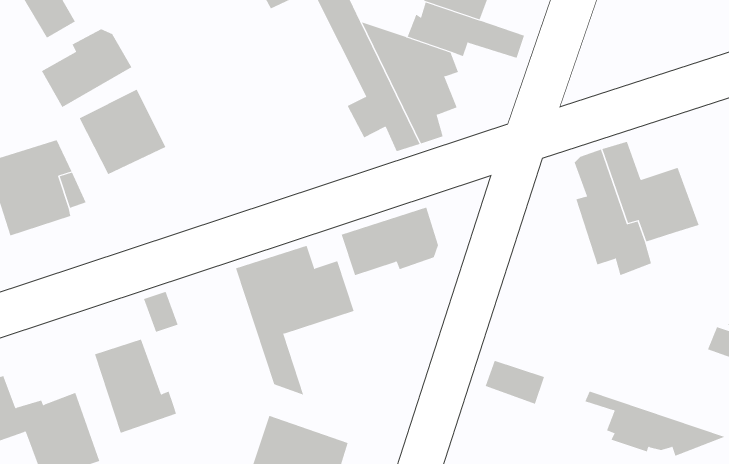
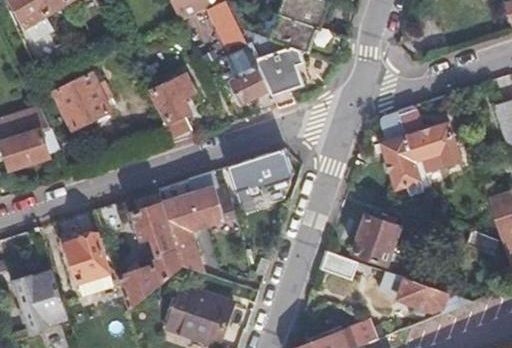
building: [41,28,132,108] -> none
building: none -> [153,74,195,143]
building: none -> [117,190,182,307]
building: none -> [352,211,402,262]

